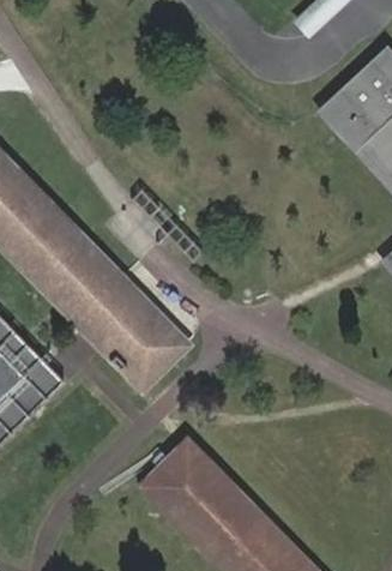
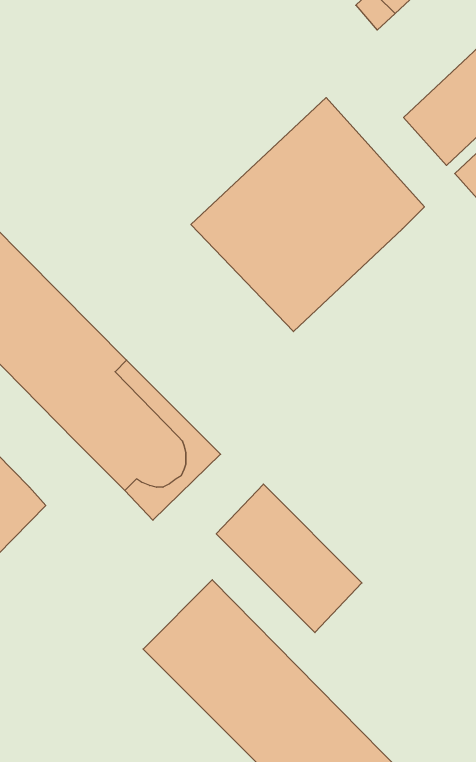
building: none -> [191,98,424,332]
building: none -> [216,484,362,633]

